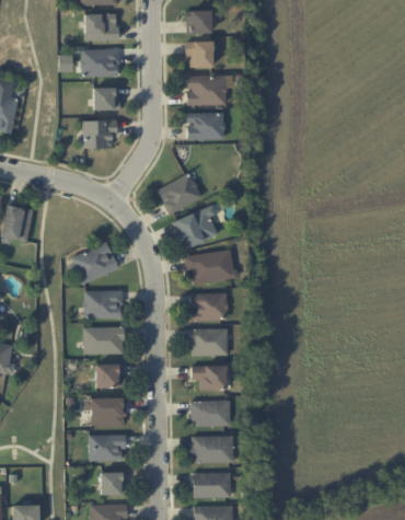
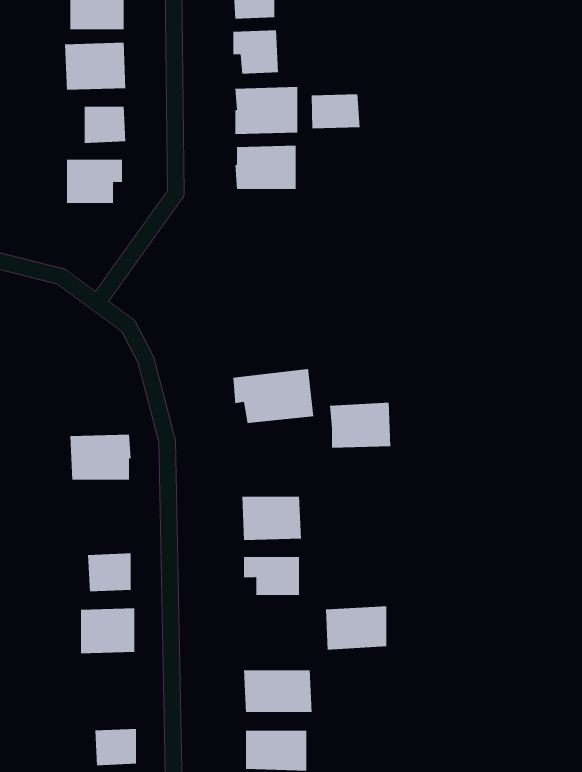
building: none -> [311,93,360,129]
building: [157,173,202,215] -> none
building: [172,206,218,249] -> none
building: [69,243,118,285] -> none
building: [189,292,228,321] -> [329,402,391,448]
building: [83,326,124,354] -> none
building: [192,400,230,427] -> [325,606,387,650]
building: [89,435,126,461] -> none

